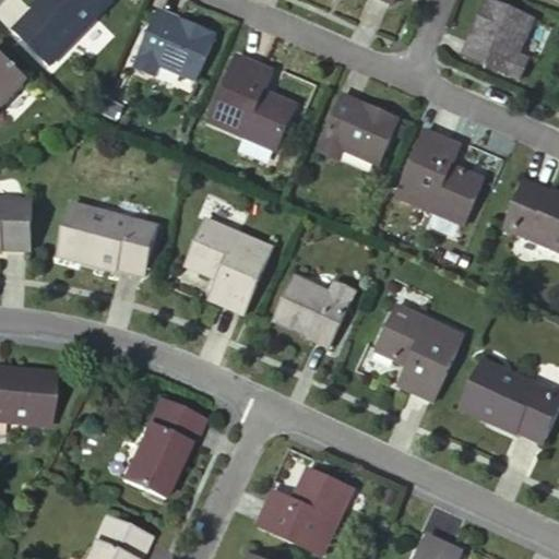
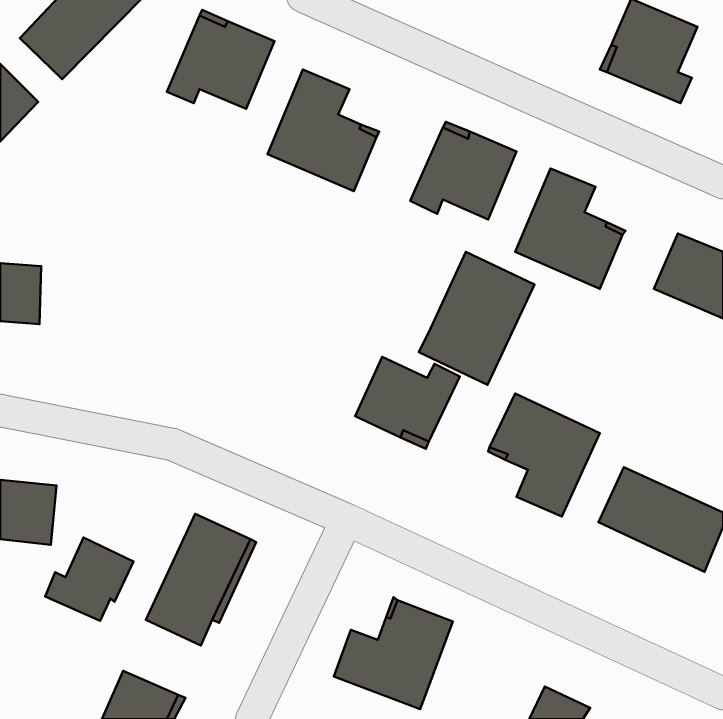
building: none -> [419,252,535,385]
building: [59,207,156,275] -> none
building: [183,218,271,311] -> none
building: none -> [45,538,134,621]

